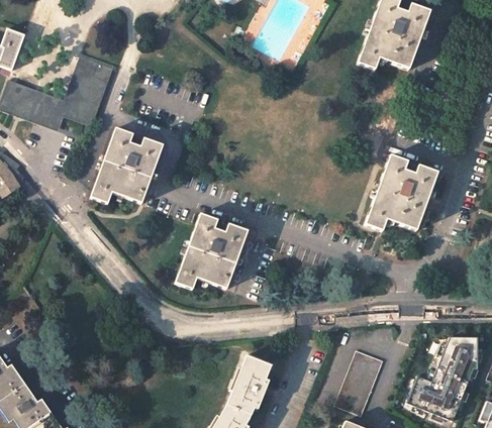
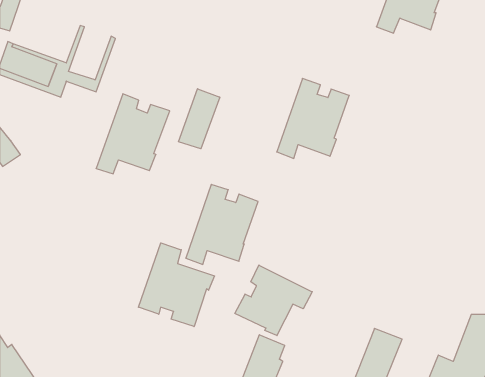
building: [66,56,113,115] -> none
building: none -> [179,89,220,149]
building: [366,155,434,231] -> [277,78,349,158]
building: none -> [138,243,215,327]
building: none -> [235,265,312,336]

